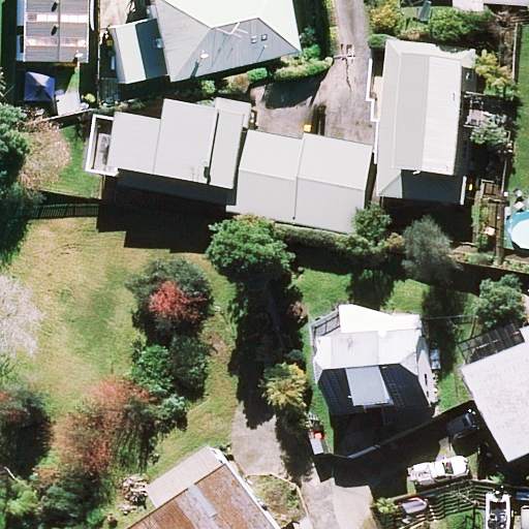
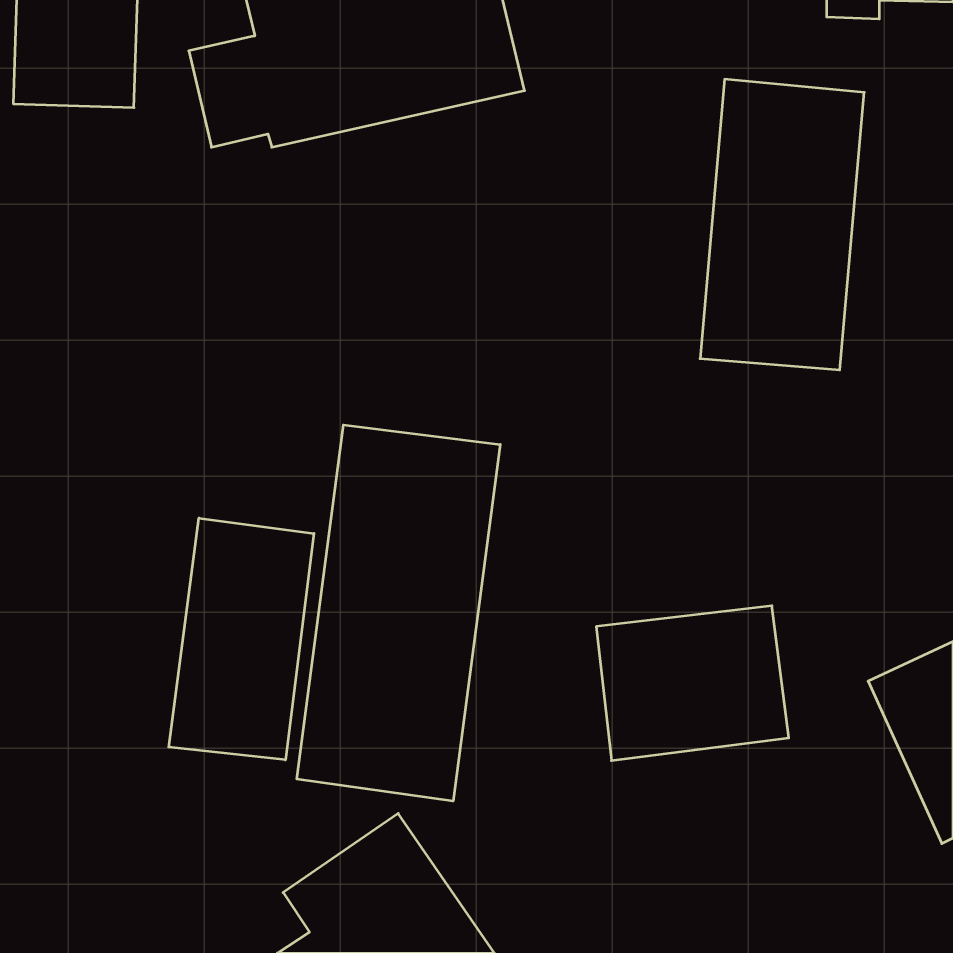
building: [97,102,369,228] -> none
building: none -> [297,425,500,801]
building: none -> [169,518,314,760]

